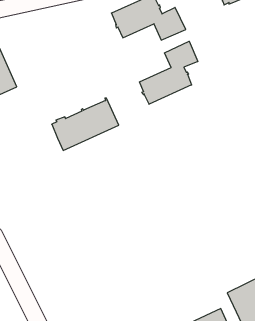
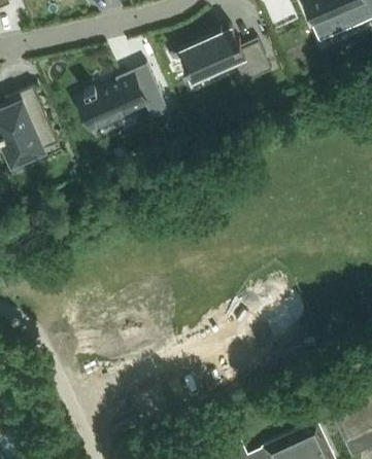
building: [139,41,198,104] -> none
building: [52,98,119,150] -> [78,66,163,132]

